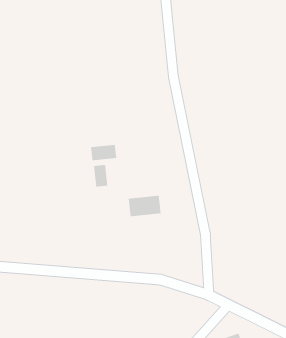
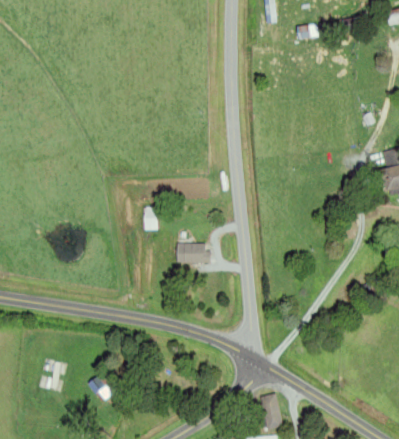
building: [91,144,117,161] -> none

